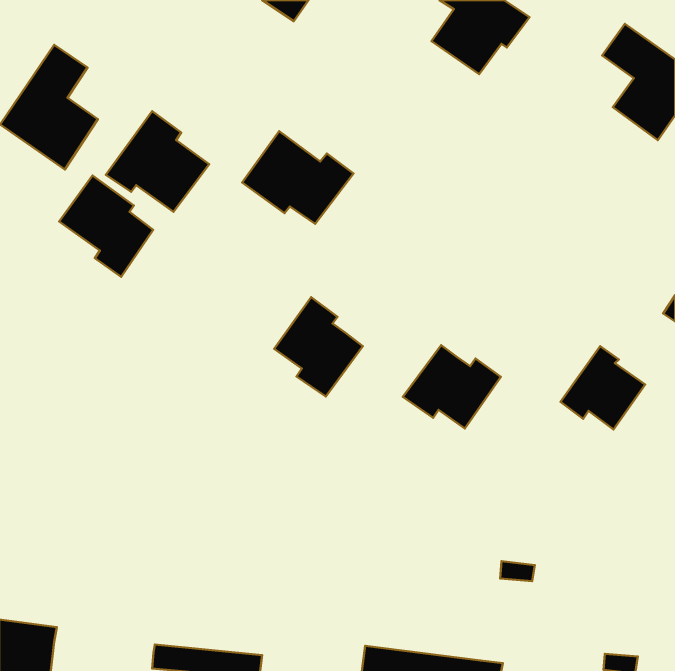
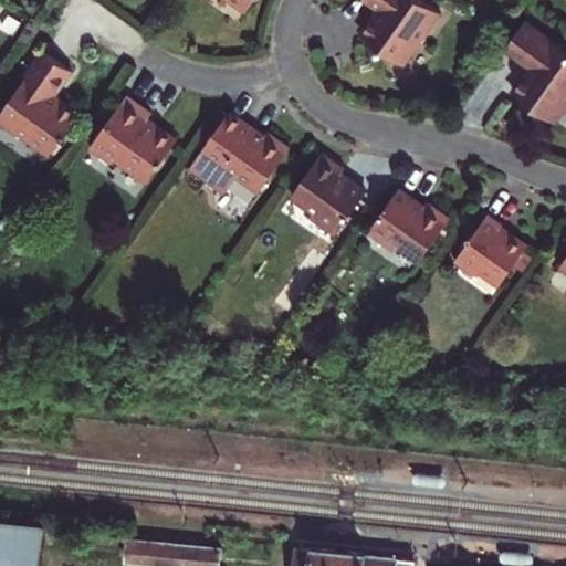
building: [59,176,153,277] -> none
building: [274,297,363,396] -> [283,161,357,244]
building: [403,345,501,428] -> [366,191,448,261]
building: [561,346,645,430] -> [453,218,524,287]

